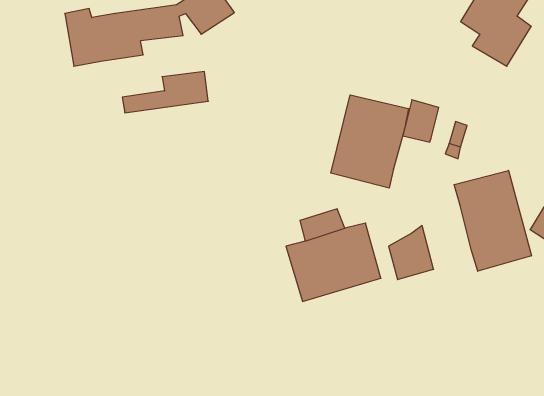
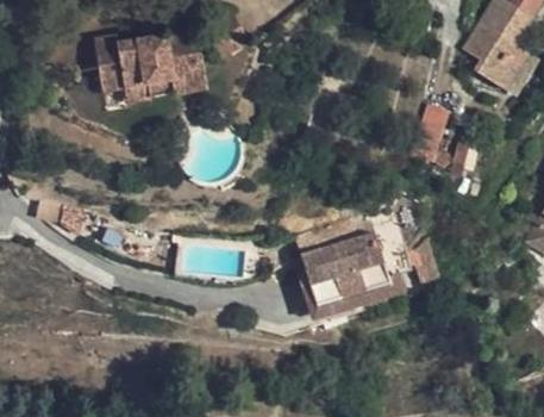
building: [122,72,208,113] -> [130,58,210,97]
building: [331,95,409,188] -> none
building: [454,170,531,271] -> none

